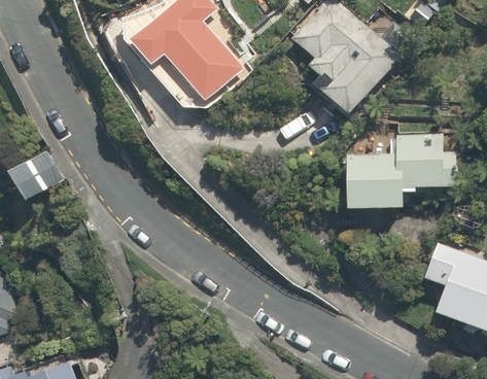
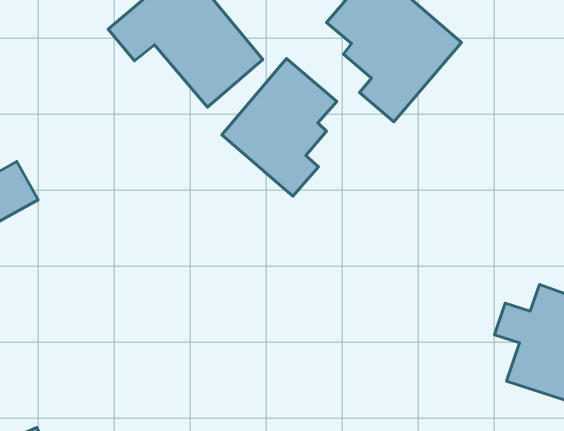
building: none -> [222,58,337,196]
building: [342,132,453,212] -> none

